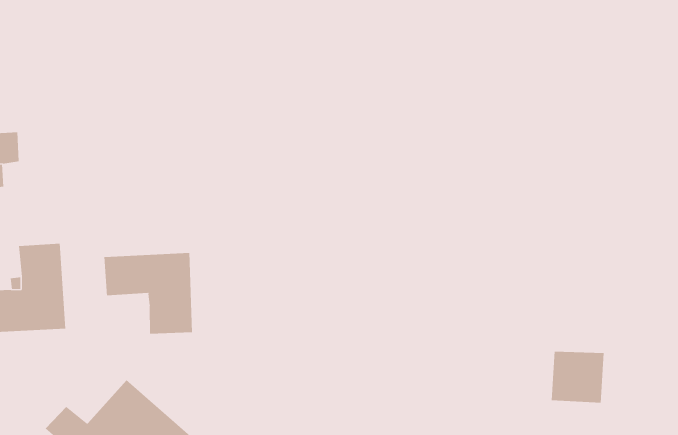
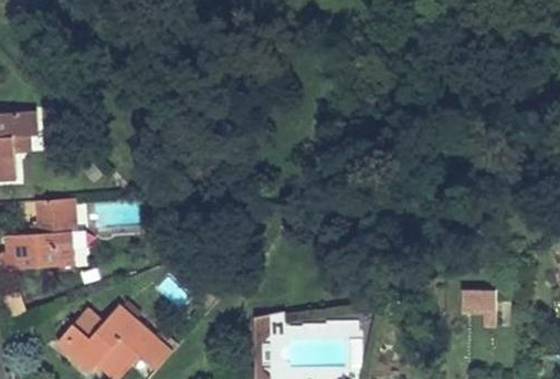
building: [104,252,192,334] -> none

